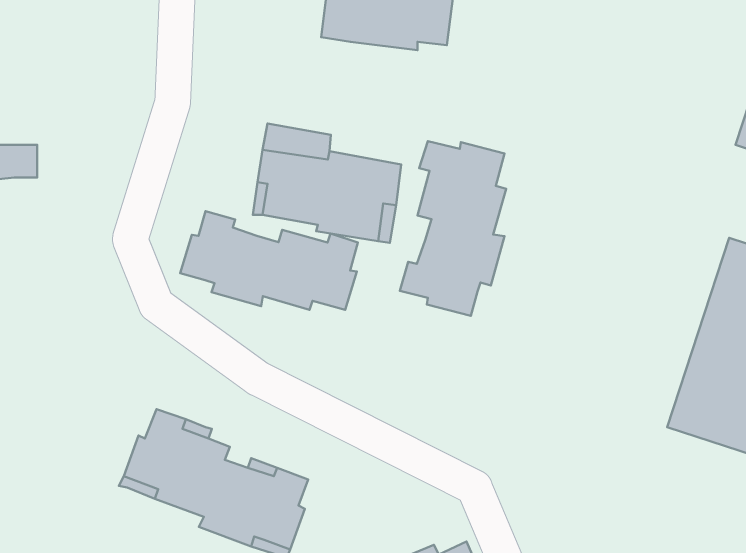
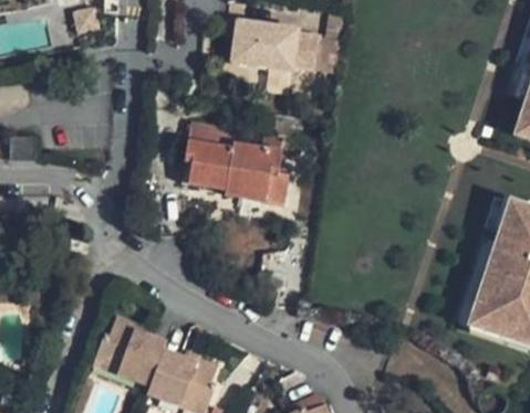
building: [400,141,506,316] -> none
building: [180,211,358,310] -> none

